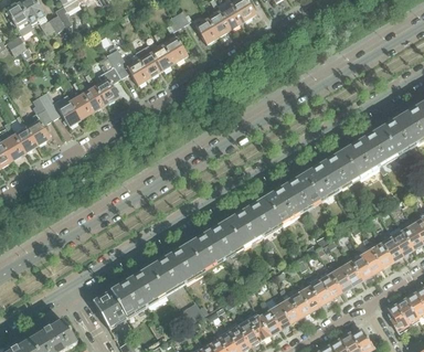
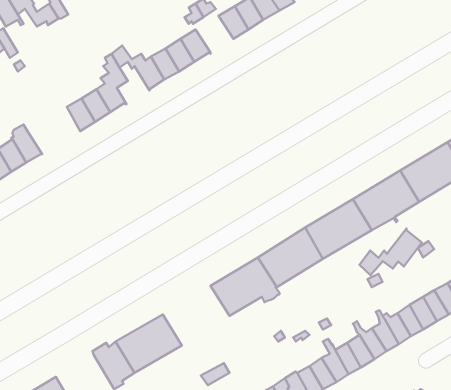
building: [39,93,82,127] -> none
building: none -> [359,229,422,275]
building: [149,245,203,294] -> none

